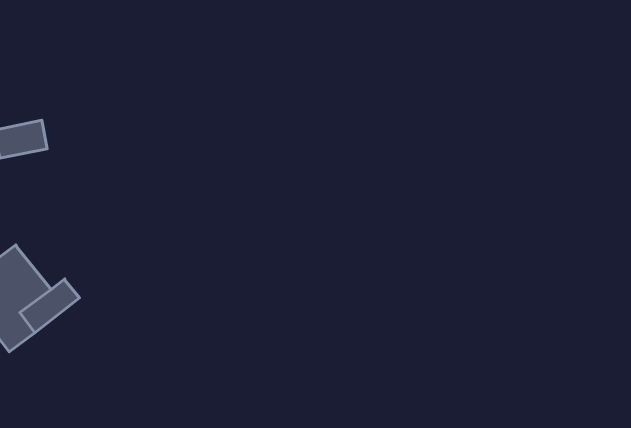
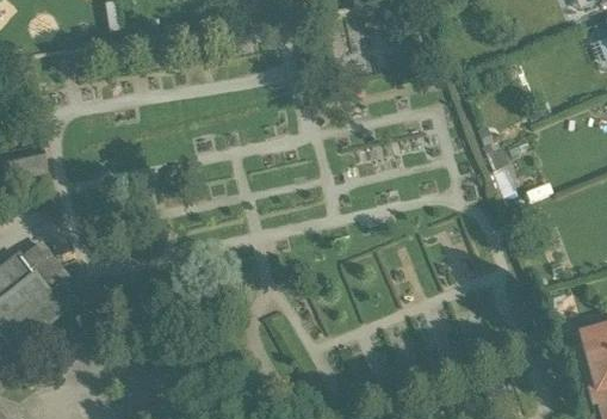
building: none -> [18,238,68,290]

